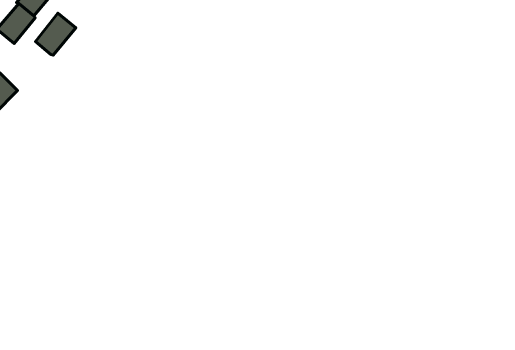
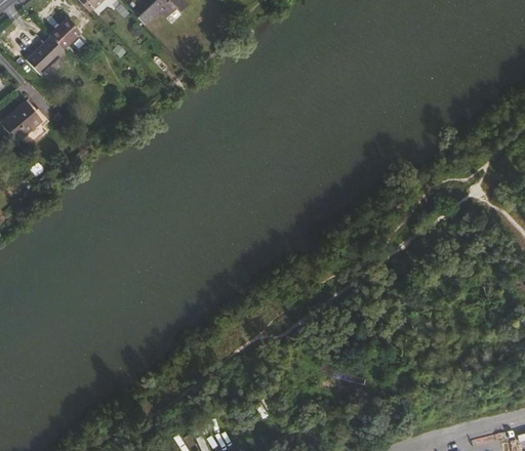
building: [35,13,76,55] -> none

